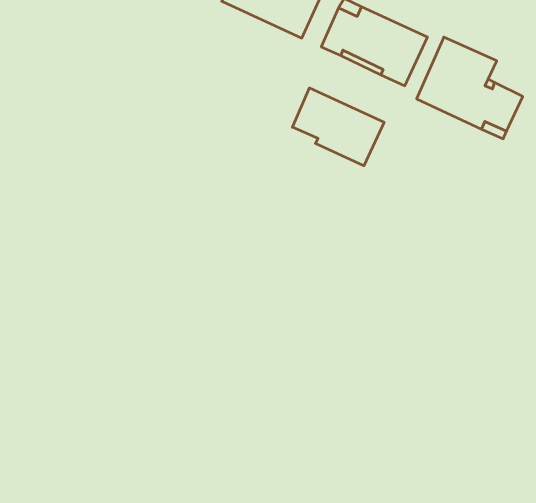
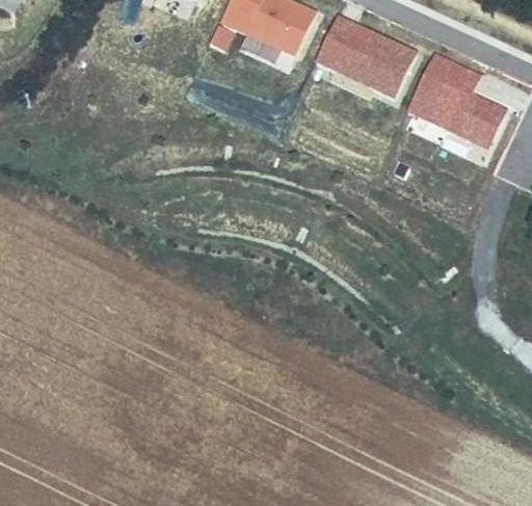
building: [292,88,384,166] -> none

